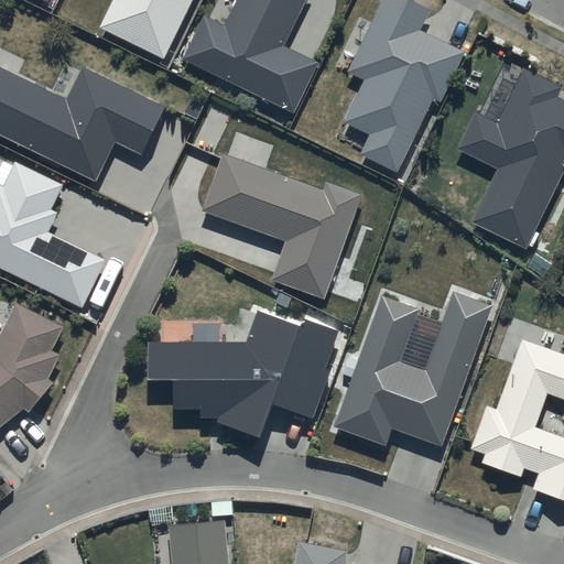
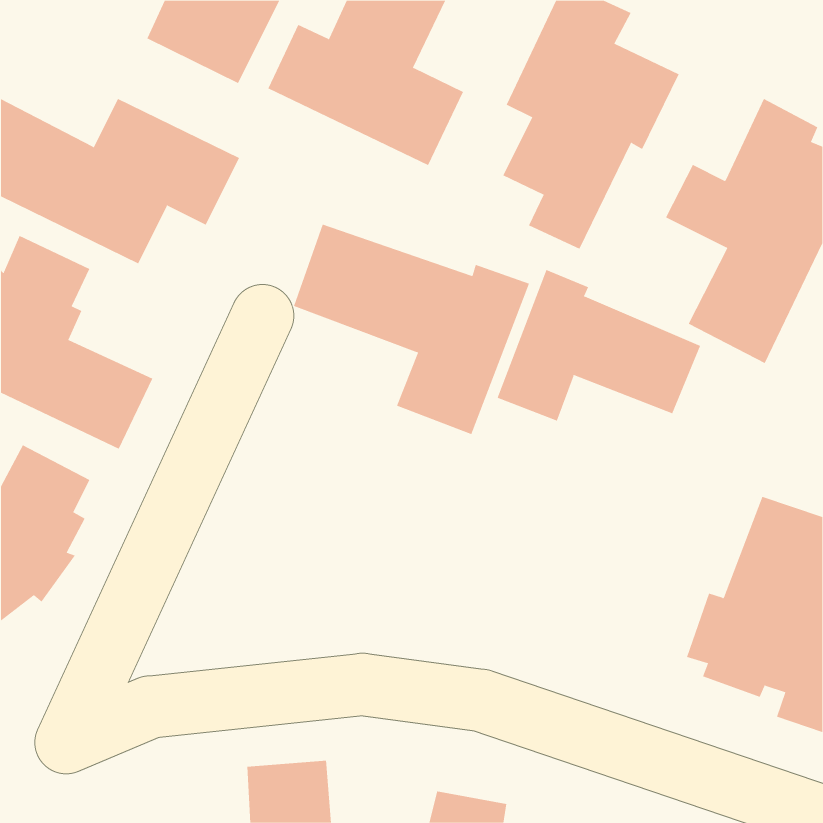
building: none -> [497,269,701,421]
building: [333,291,490,449] -> none
building: [148,310,337,436] -> none

